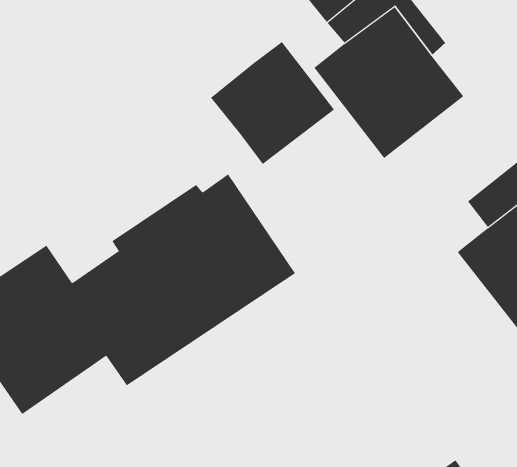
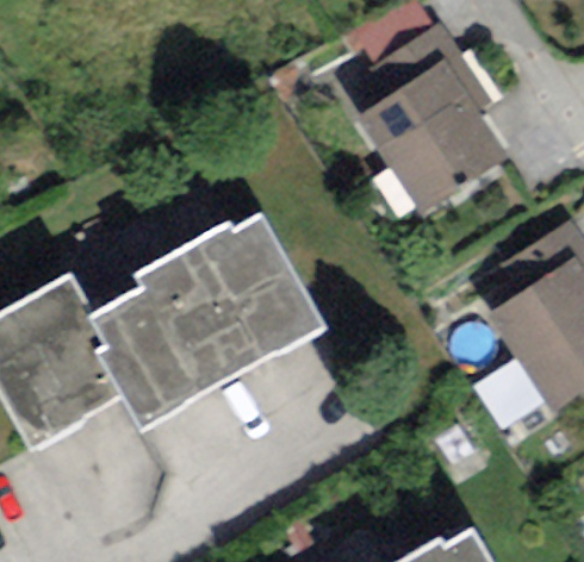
building: [210,41,335,165] -> none

